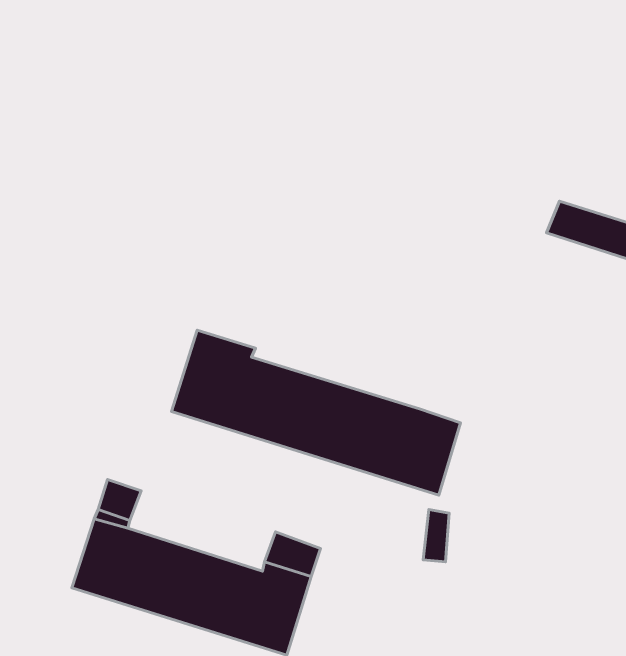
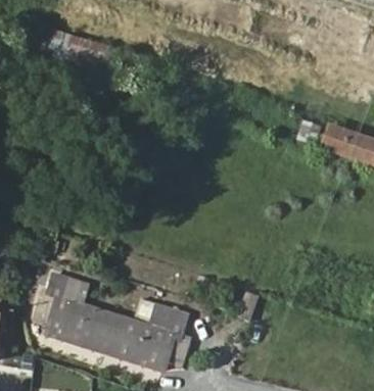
building: [171,330,461,495] -> none

